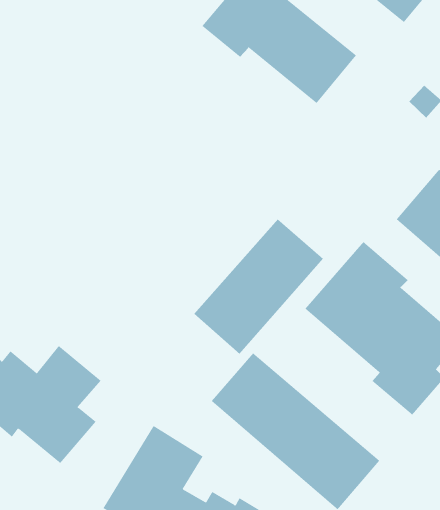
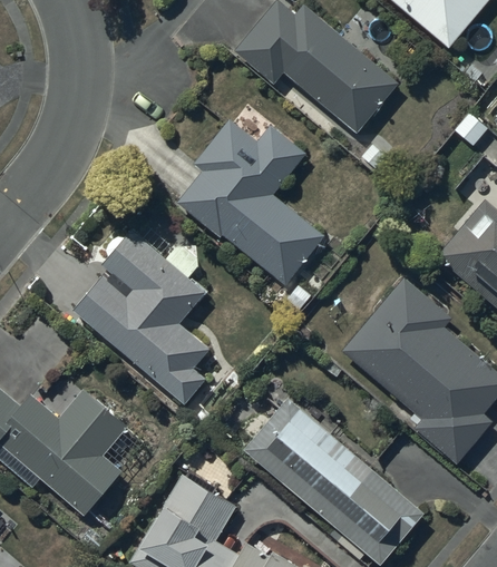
building: none -> [176,118,323,285]
building: none -> [72,229,208,404]
building: [193,219,324,354] -> none

